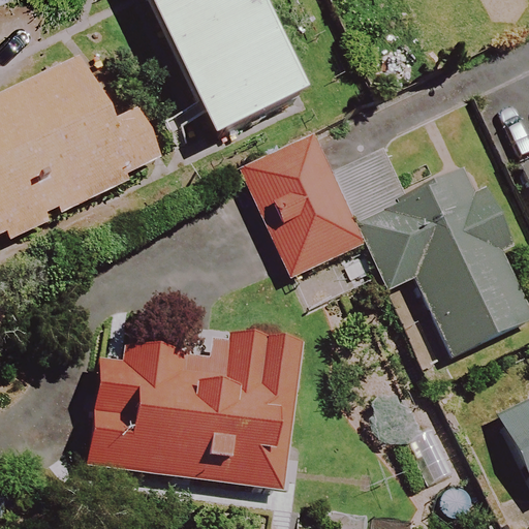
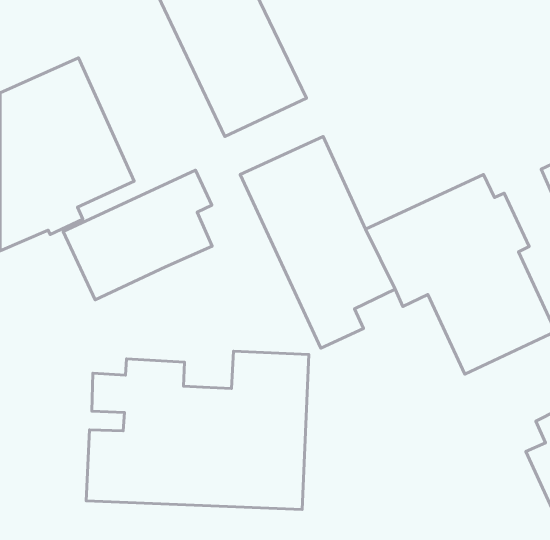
building: none -> [63,170,212,300]

